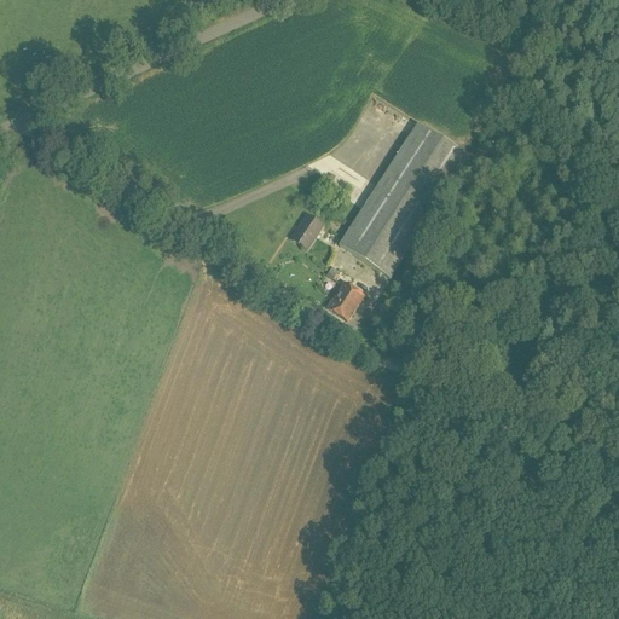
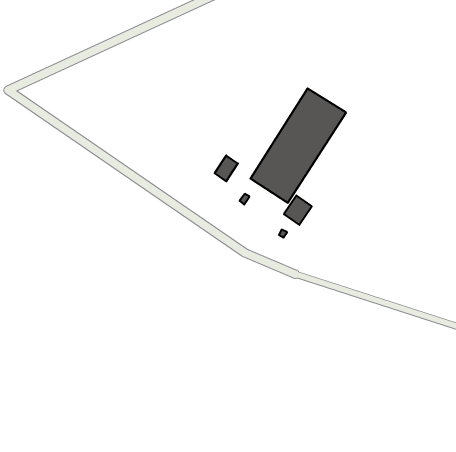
building: [325,278,363,318] -> [284,195,312,225]

